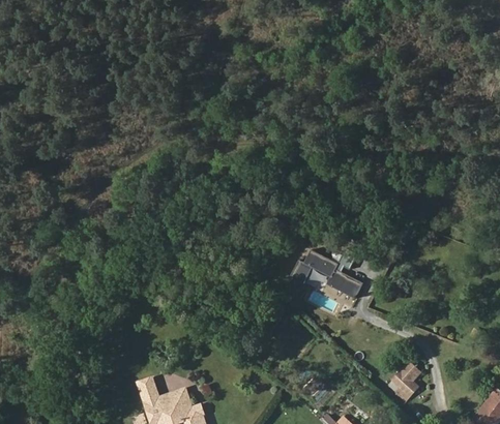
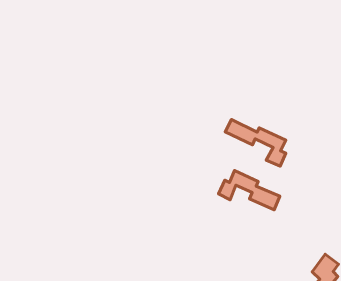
building: none -> [225,119,286,166]

